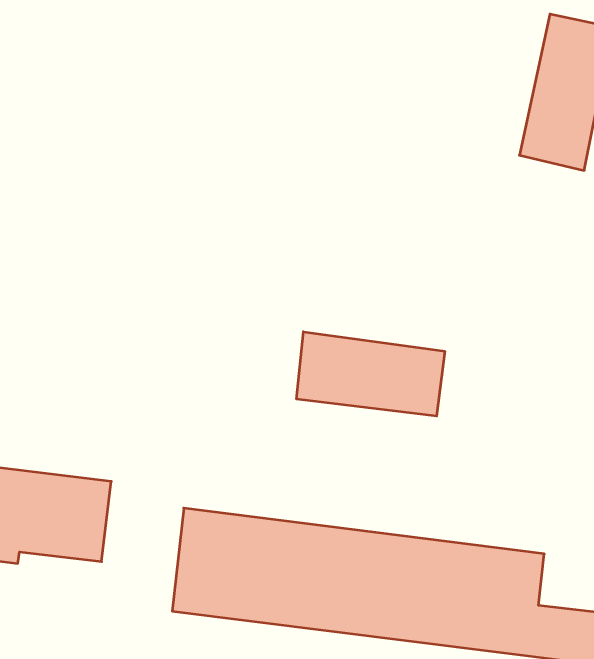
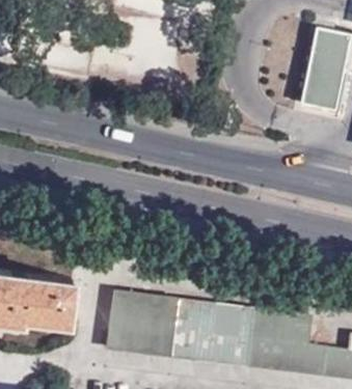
building: [297,332,445,416] -> none

